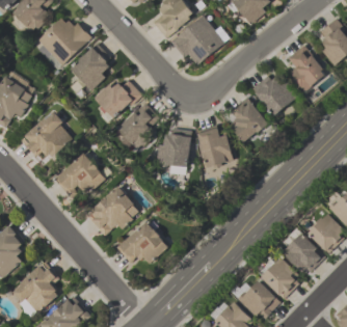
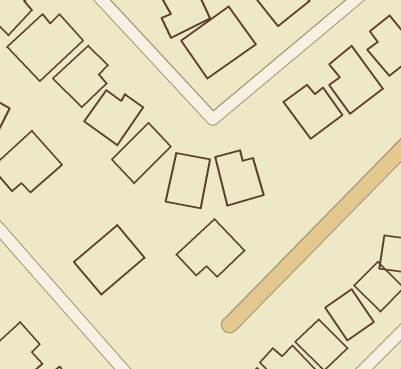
building: [230,97,276,143] -> none
building: [53,153,105,202] -> none
building: [115,220,169,266] -> [176,219,245,277]

